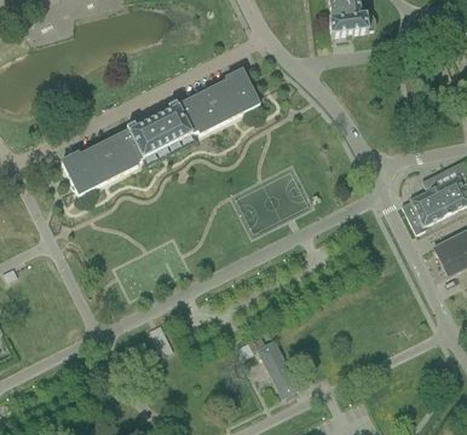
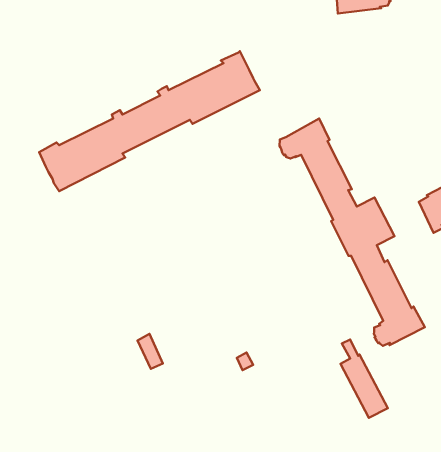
building: none -> [280,119,425,346]
building: [255,326,298,396] -> [341,340,388,418]

